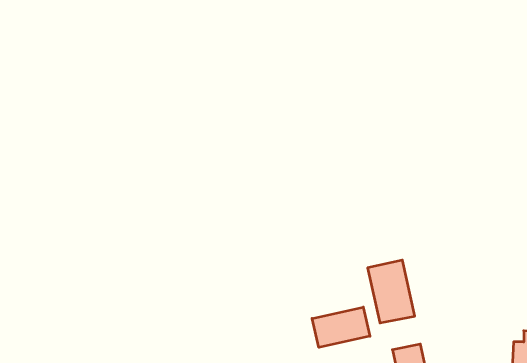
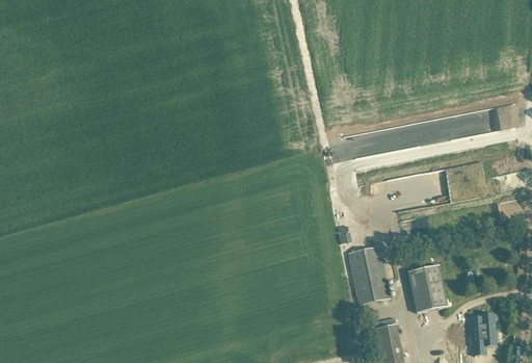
building: none -> [406,265,447,313]
building: [312,307,370,347] -> none

